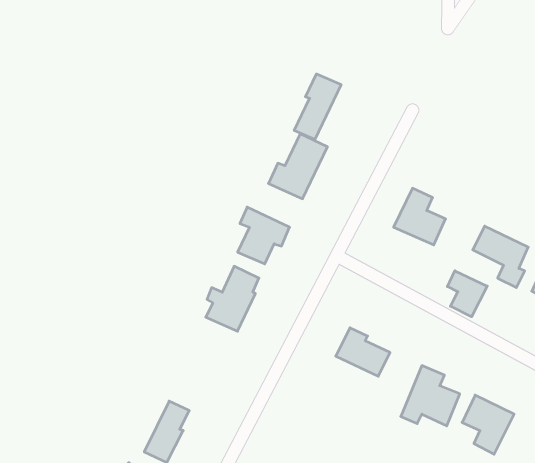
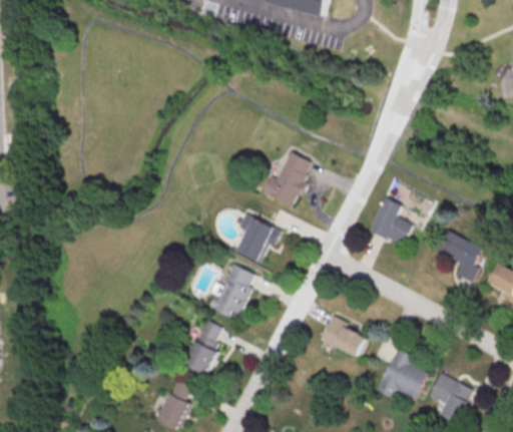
building: [294,74,341,140] -> none
building: [447,271,487,317] -> none
building: none -> [185,319,223,373]

